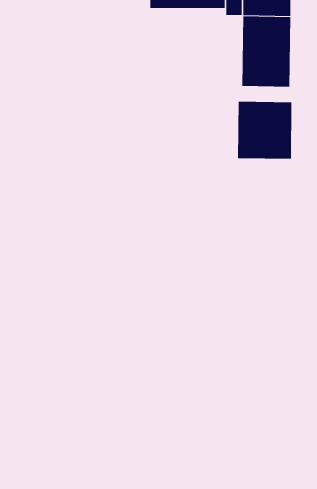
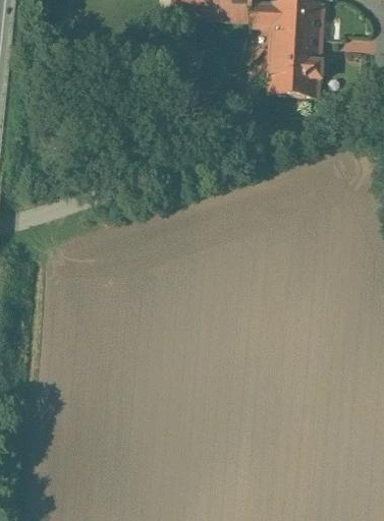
building: [237,101,292,160] -> none

